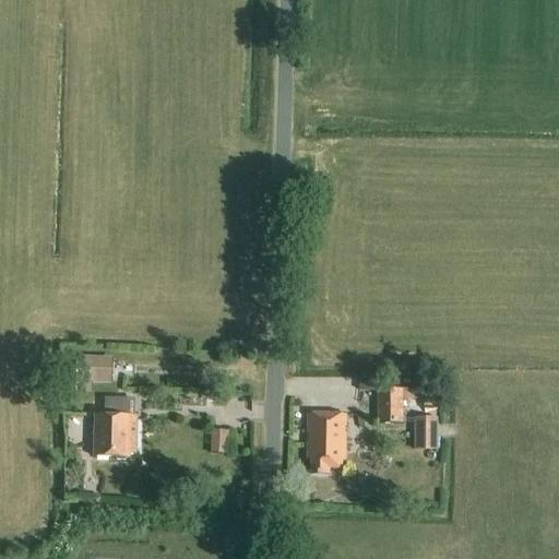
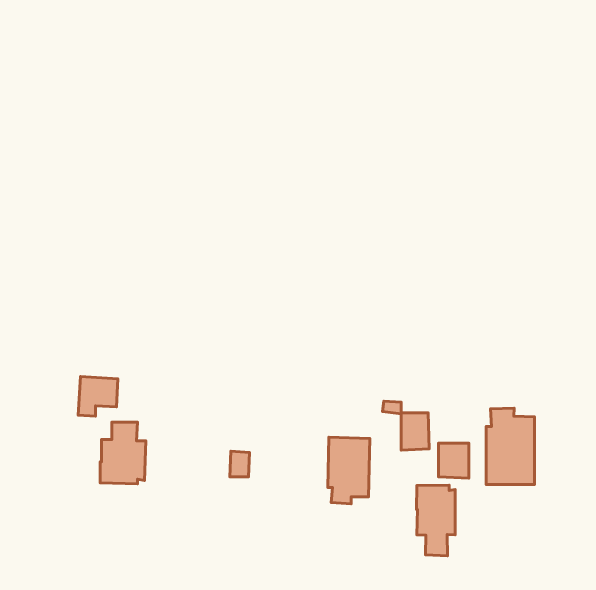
building: none -> [486,408,535,485]
building: none -> [416,485,455,556]

